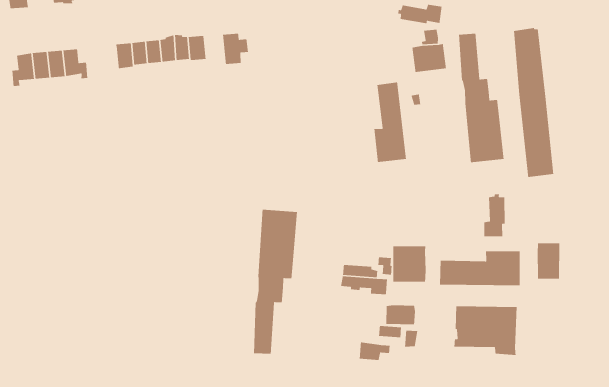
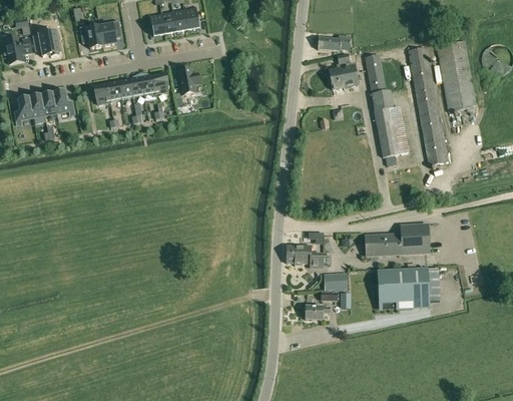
building: none -> [436,40,476,111]
building: [373,82,407,163] -> none
building: [483,193,506,237] -> none
building: [253,209,298,354] -> none
building: [537,242,560,280] -> none
building: [393,246,427,282] -> none

